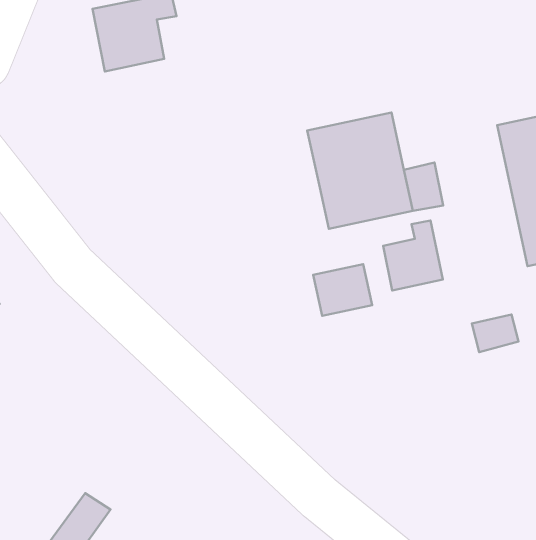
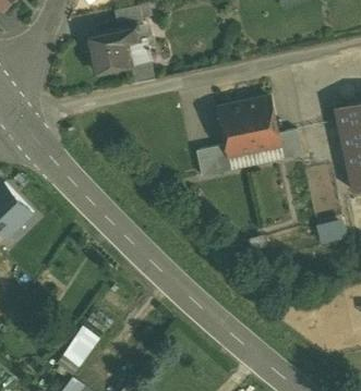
building: [383,221,443,290] -> none
building: [313,264,372,316] -> [195,144,231,175]

